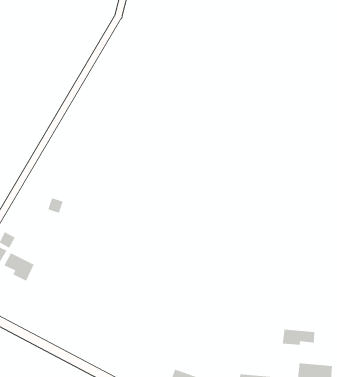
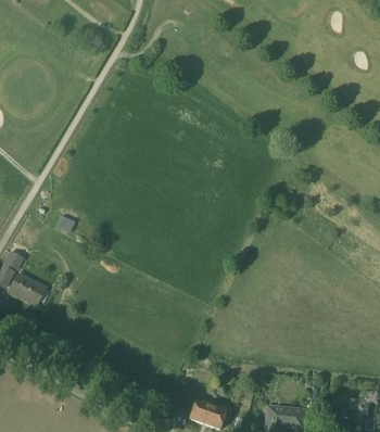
building: [282,329,315,346] -> none

